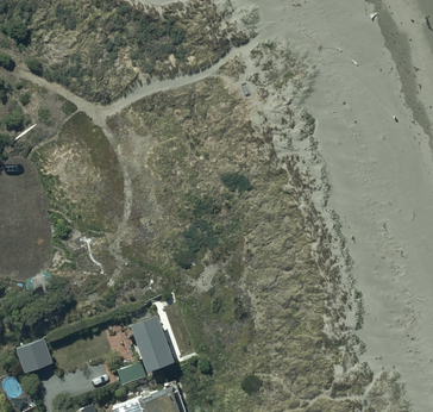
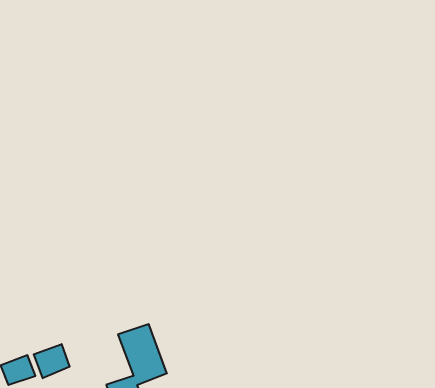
building: none -> [34,344,70,378]

